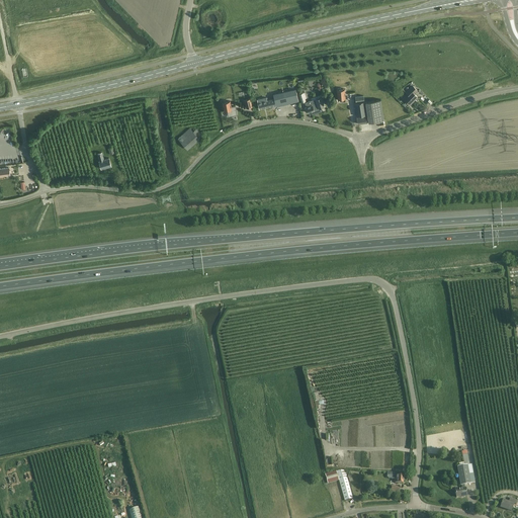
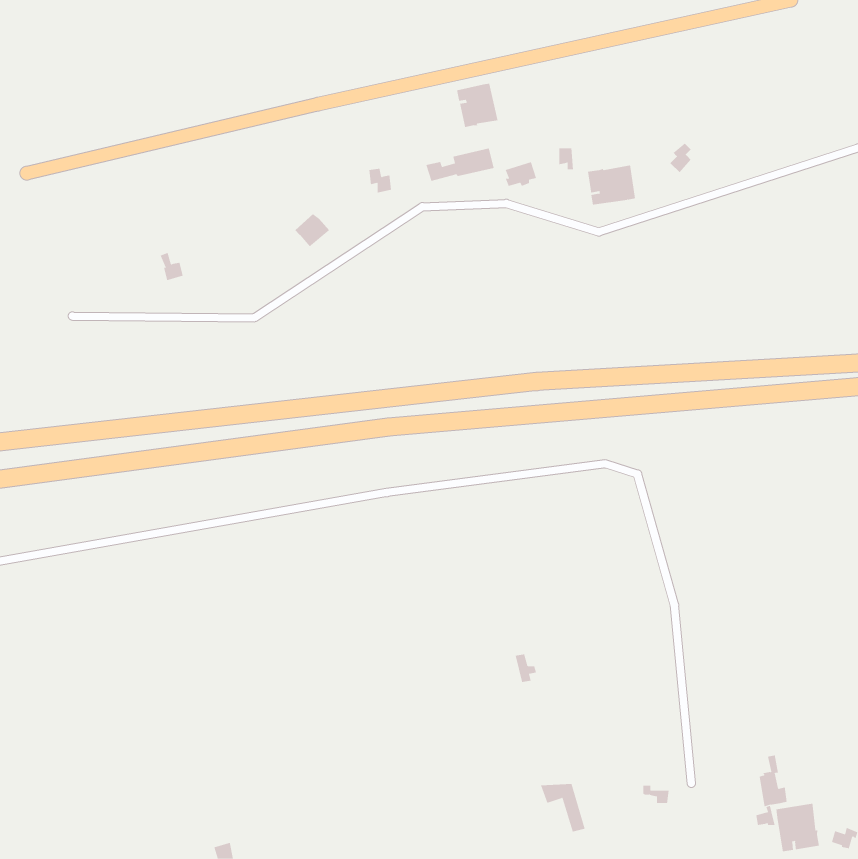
building: none -> [457,83,498,128]
building: none -> [776,803,820,852]

